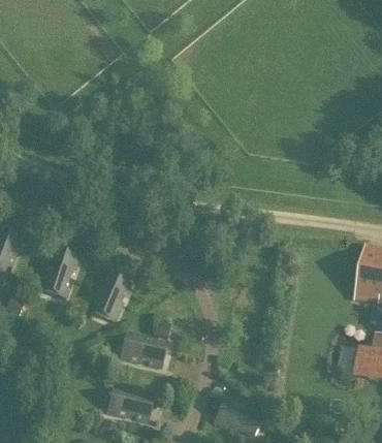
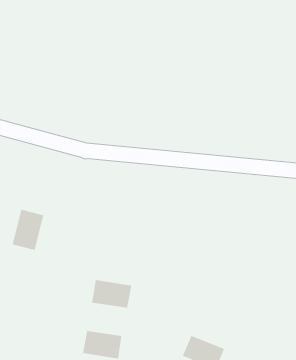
building: [89,273,128,320] -> none

